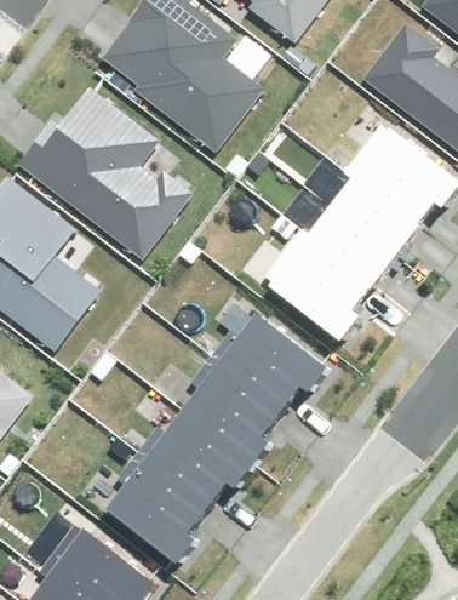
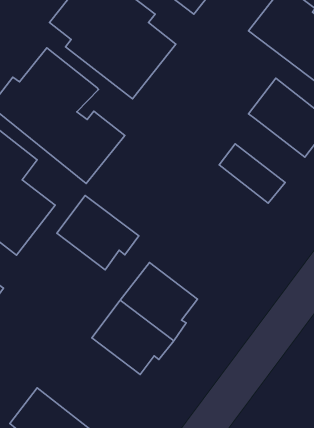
building: [331,177,420,259] -> none
building: [262,230,373,343] -> none
building: [221,314,326,410] -> [57,195,139,270]
building: [110,459,208,560] -> none

